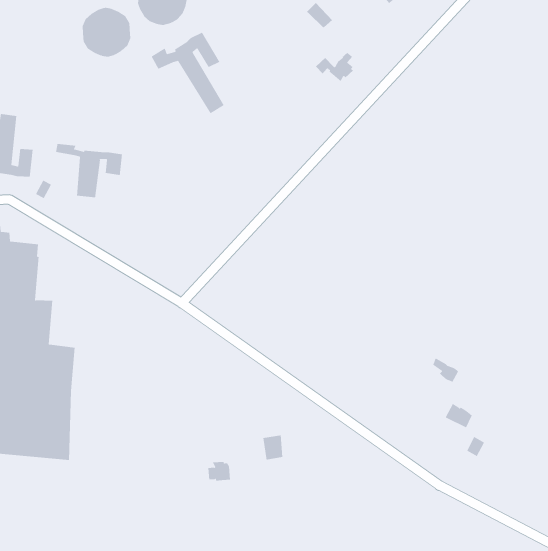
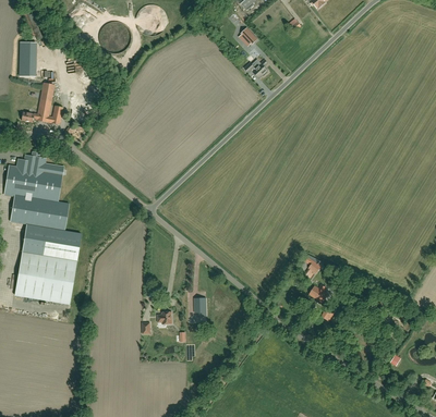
building: [151,32,224,114] -> none
building: [55,143,123,198] -> none

